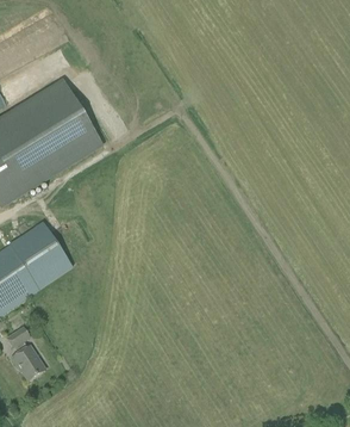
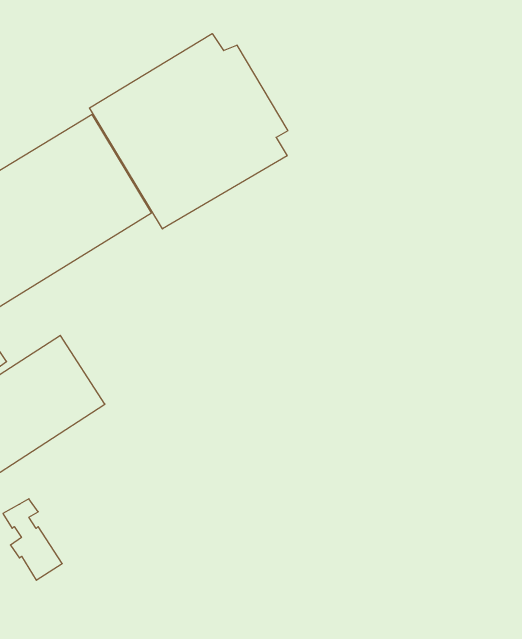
building: none -> [89,34,288,229]

